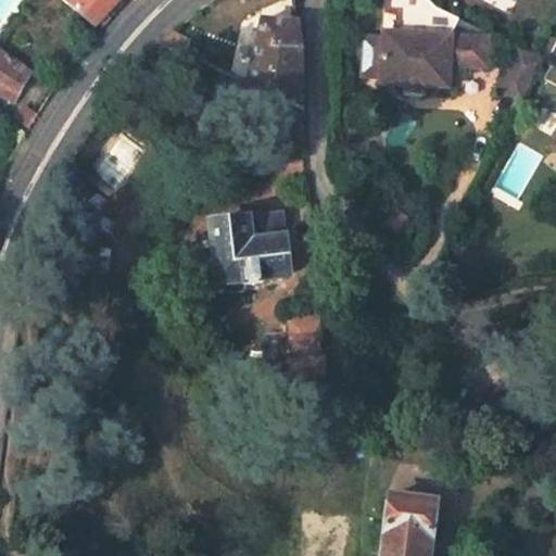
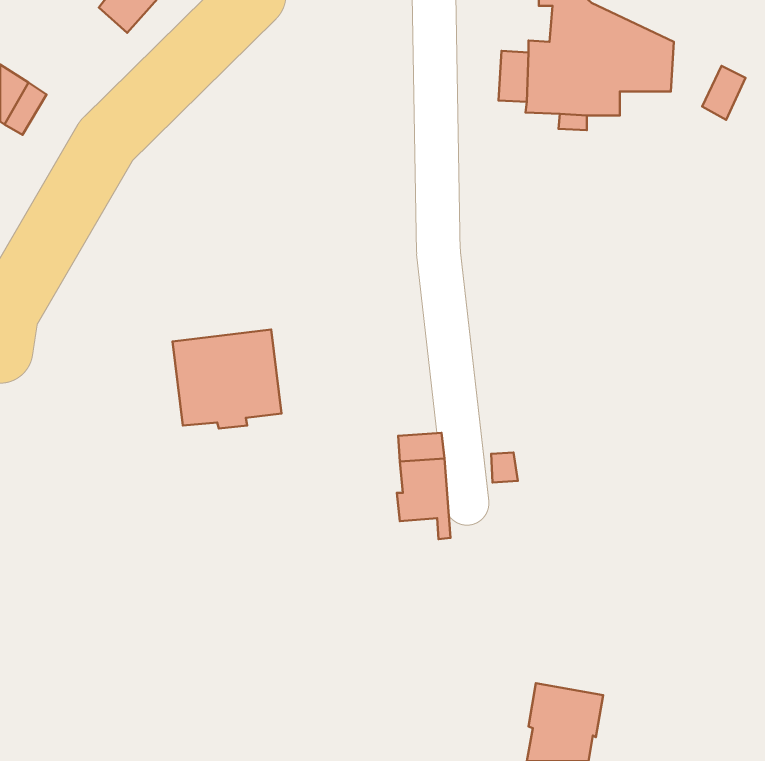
building: [249,18,302,108] -> none
building: [208,211,288,282] -> [172,329,282,428]

